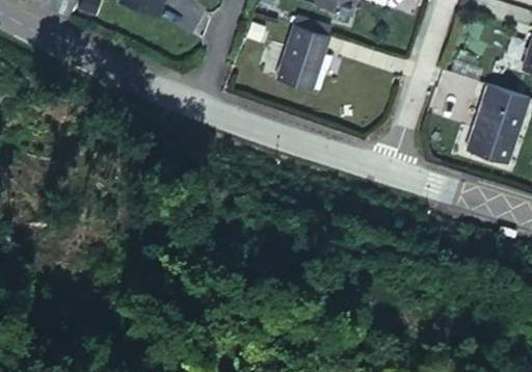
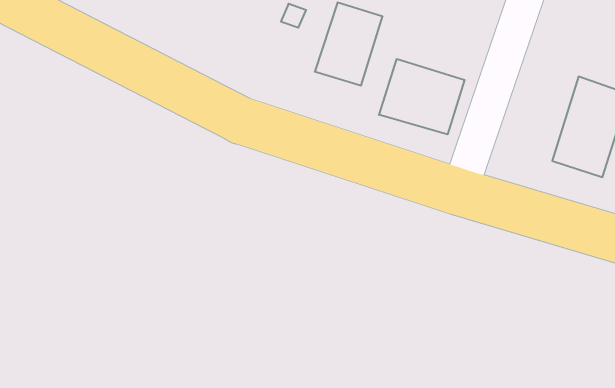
building: none -> [379,59,465,134]

